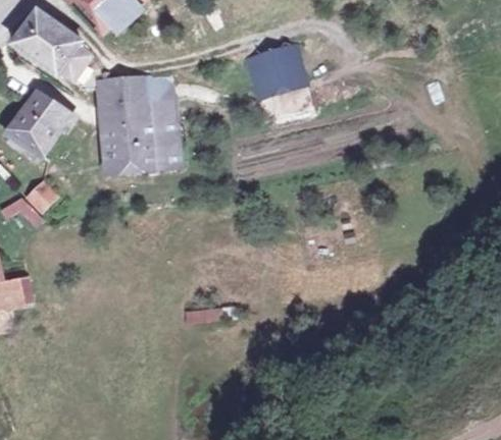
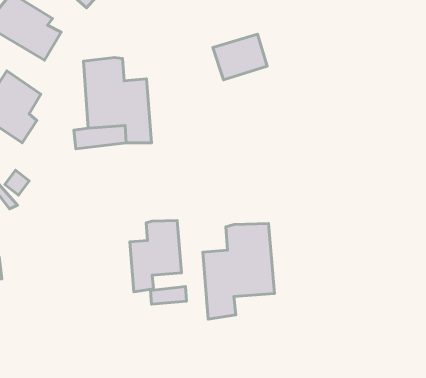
building: none -> [130,220,181,292]
building: none -> [203,223,274,319]

